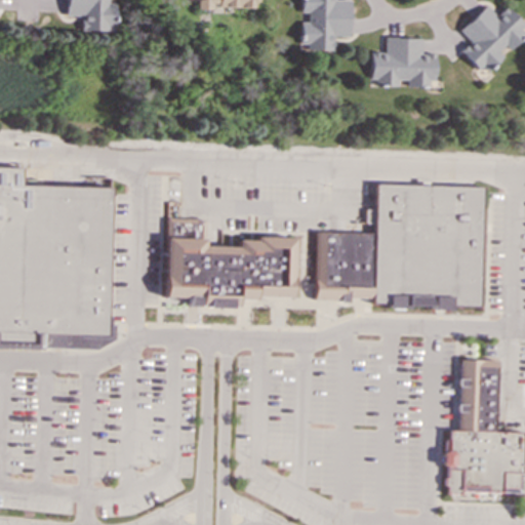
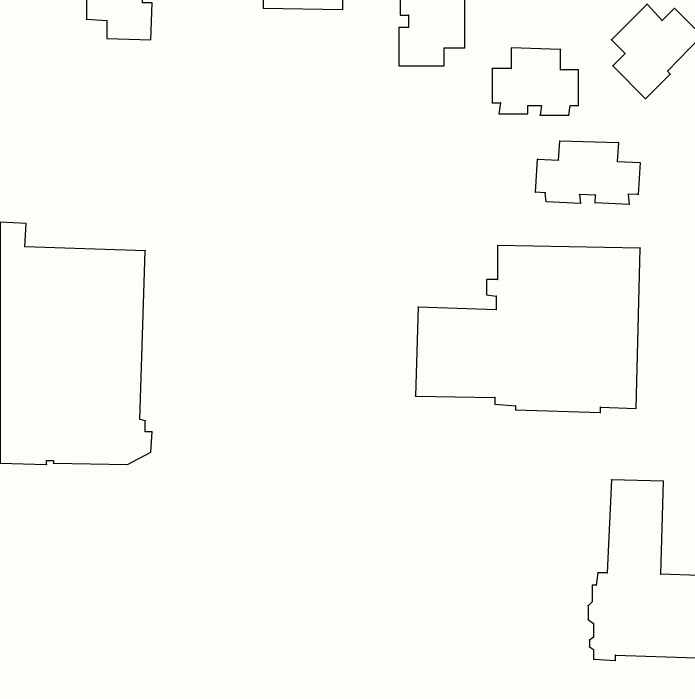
building: none -> [535,141,640,204]
building: [167,215,297,307] -> none

